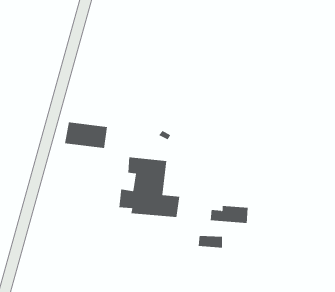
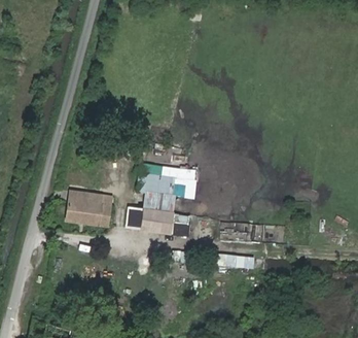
building: [64,122,108,149] -> [65,199,110,227]

